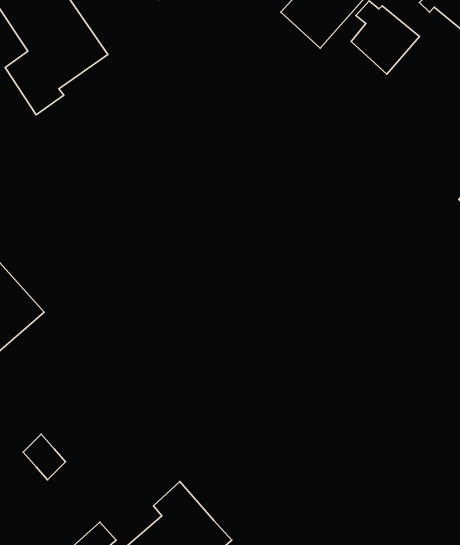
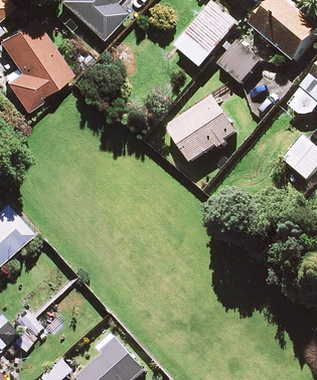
building: none -> [167,97,236,161]

